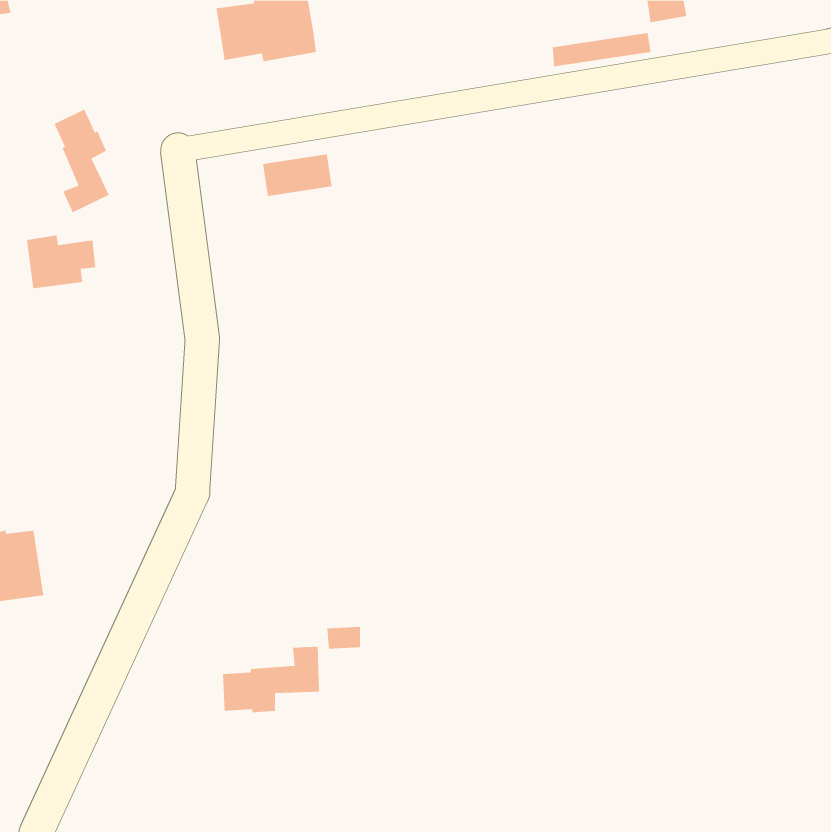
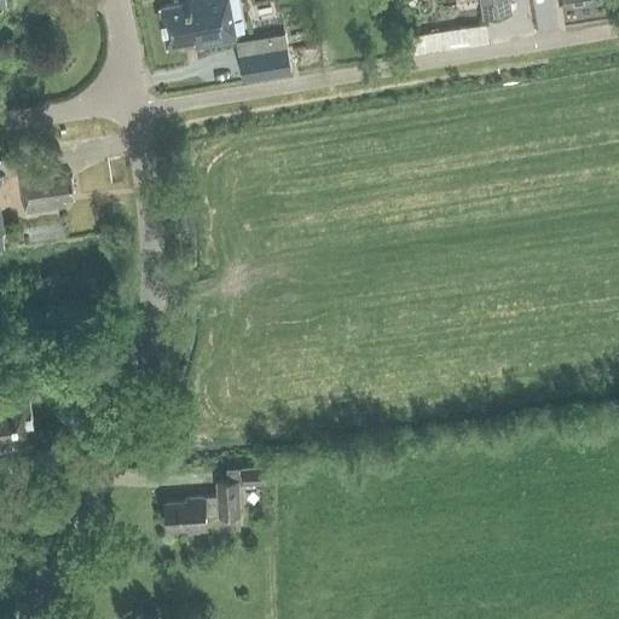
building: [54,109,110,213] -> none
building: [262,154,333,196] -> [237,48,289,80]

